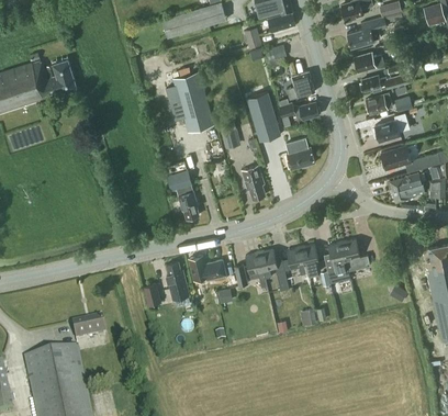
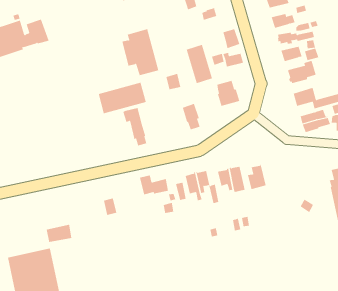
building: none -> [98,82,146,114]
building: [340,238,369,271] -> none
building: [166,261,189,300] -> none

